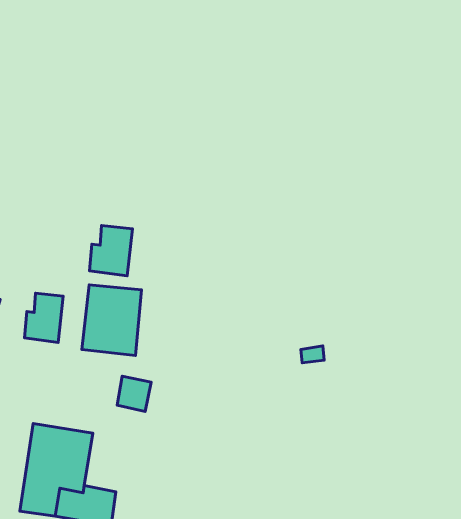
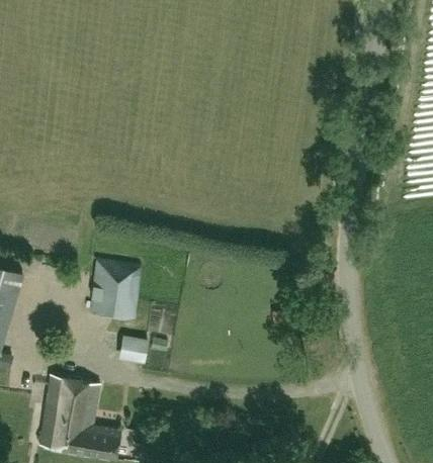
building: [90,225,133,276] -> none
building: [24,293,63,342] -> none

